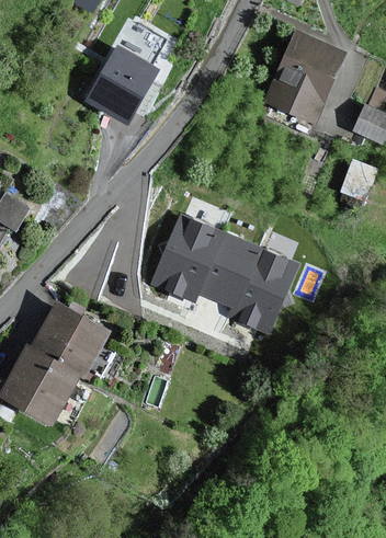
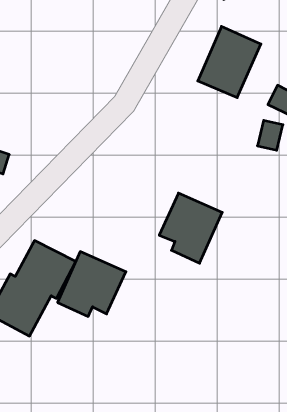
building: [80,39,157,122] -> none
building: [154,217,239,298] -> [58,252,126,316]

